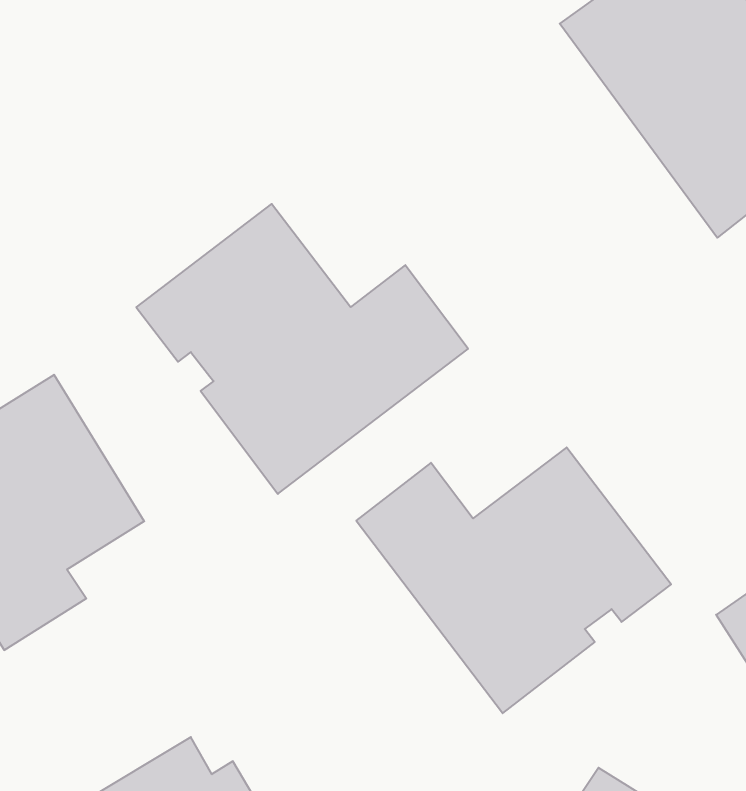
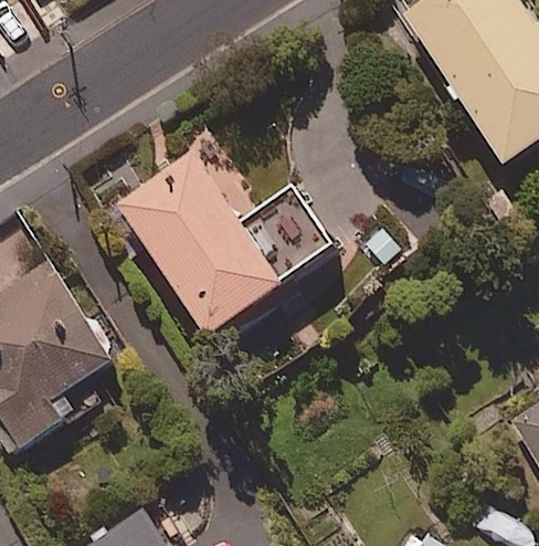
building: [356,447,671,713] -> none

